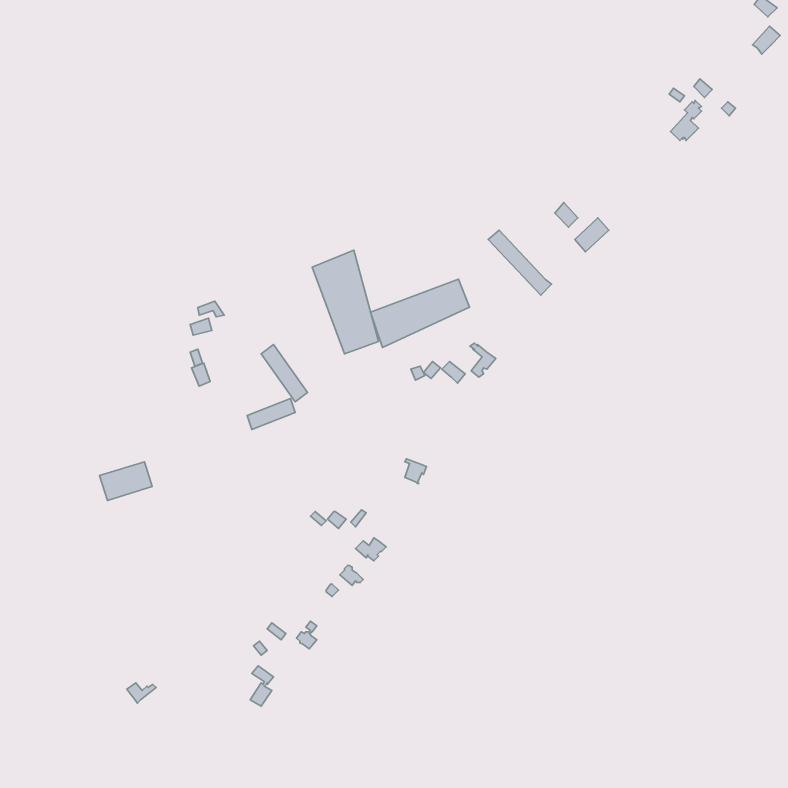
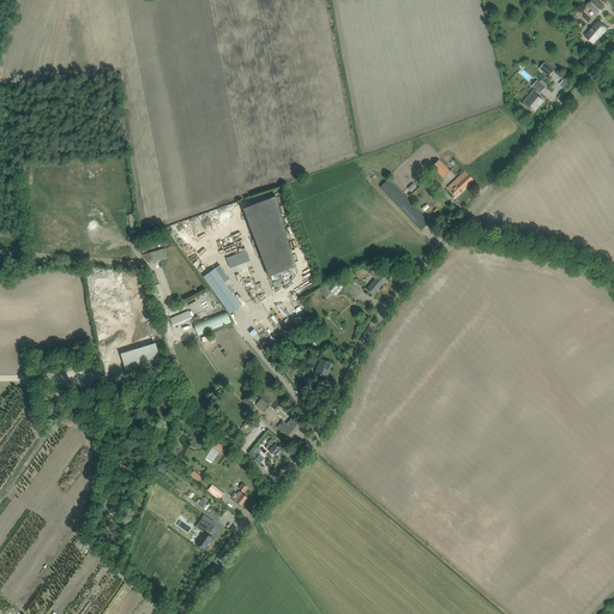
building: [371,279,469,348] -> none
building: [100,462,152,500] -> [119,342,159,372]

